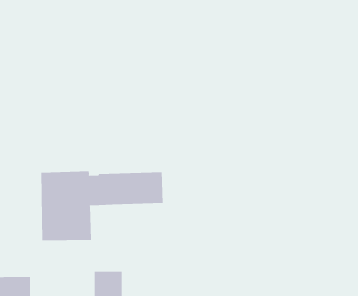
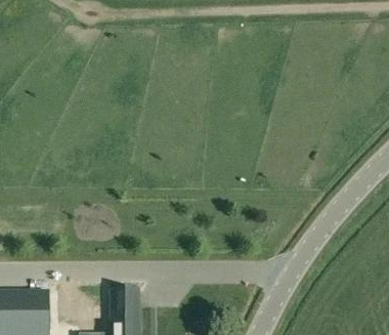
building: [41,170,163,241] -> none

